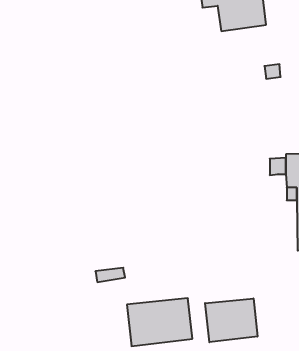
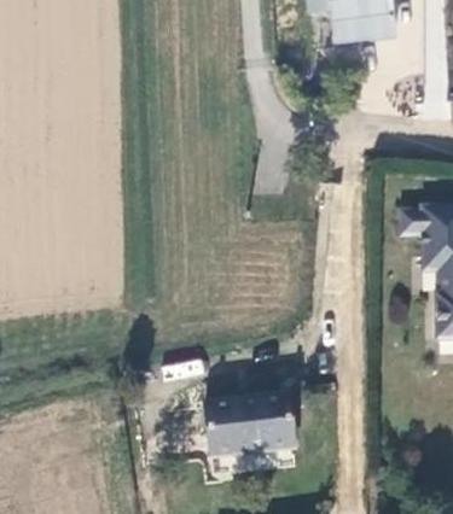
building: [205,298,257,342] -> none

